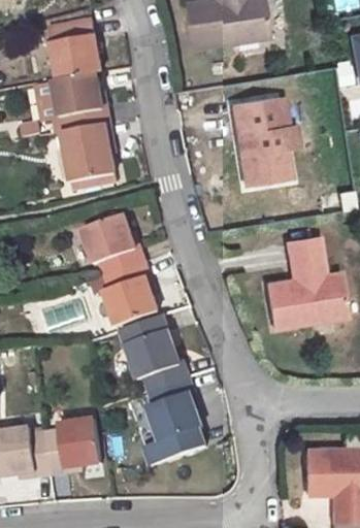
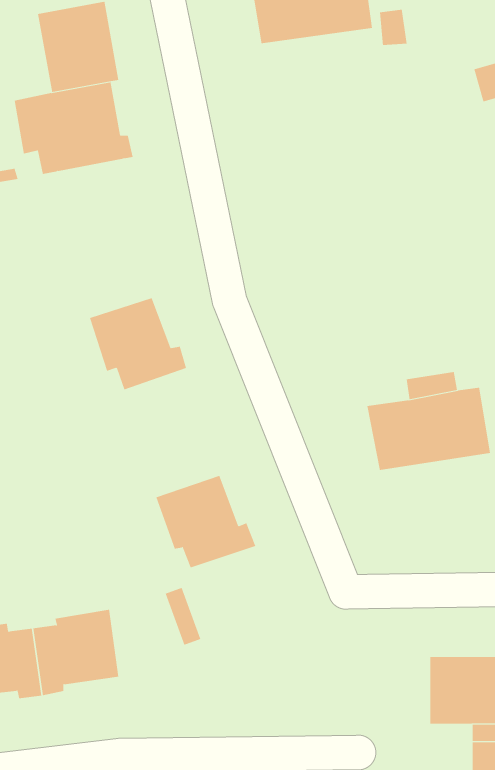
building: [231,96,297,186] -> none
building: [61,123,113,182] -> none
building: [286,235,321,267] -> none
building: [103,260,158,327] -> none
building: [144,376,204,464] -> none

